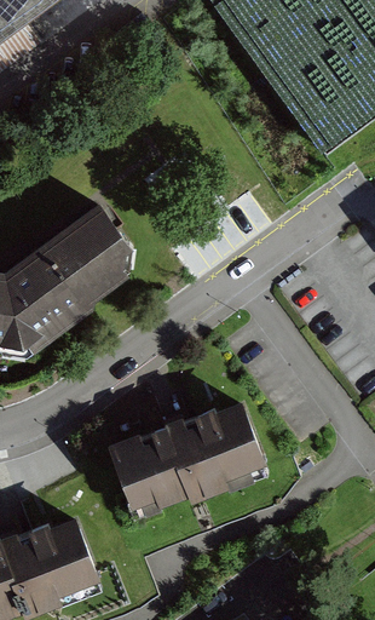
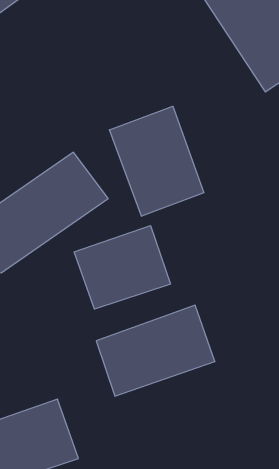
building: none -> [109,106,204,216]
building: none -> [74,226,170,309]

